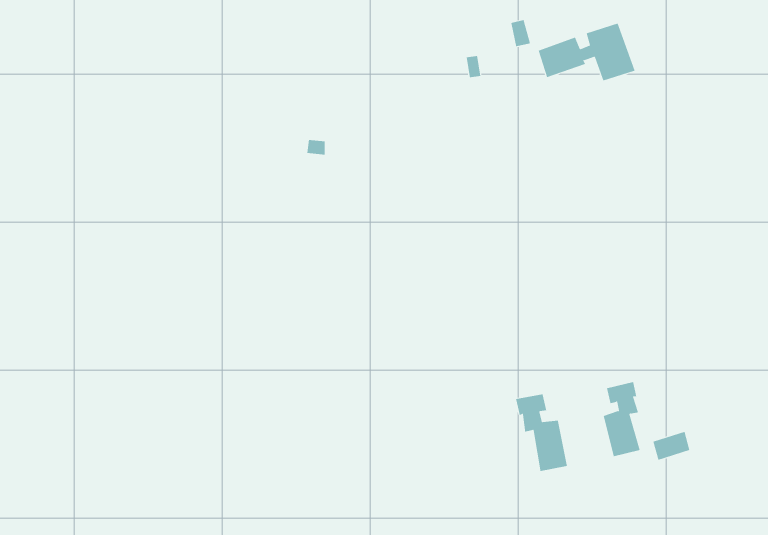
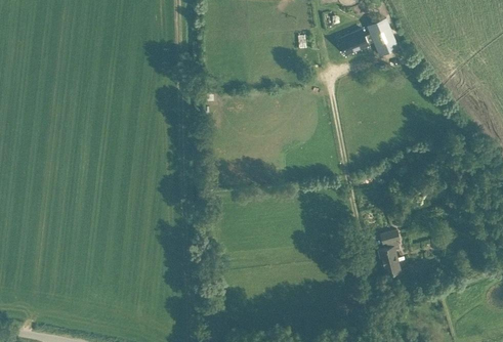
building: [516,393,567,472] -> none

